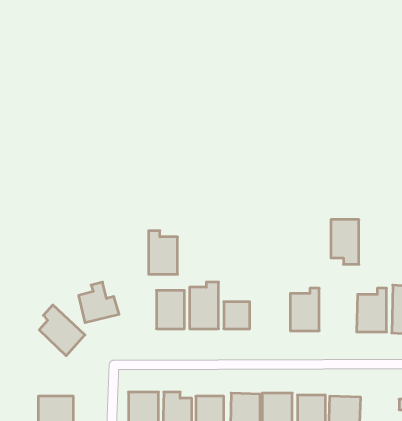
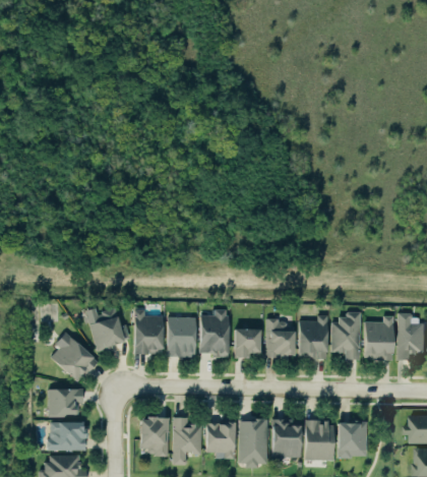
building: [331,220,359,264] -> [332,315,360,359]
building: [149,231,178,274] -> [133,310,162,353]
building: none -> [266,320,292,357]
building: none -> [49,389,82,416]

